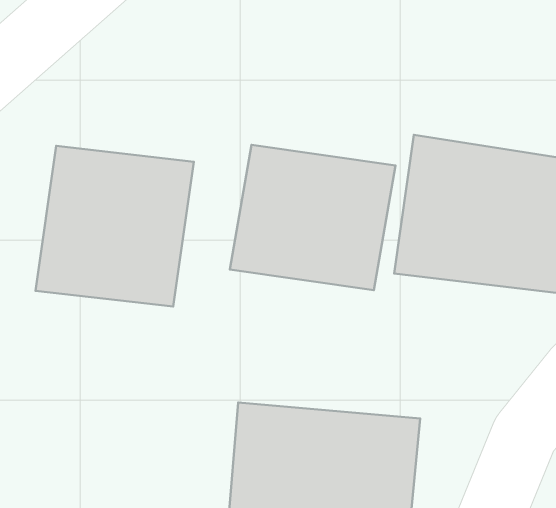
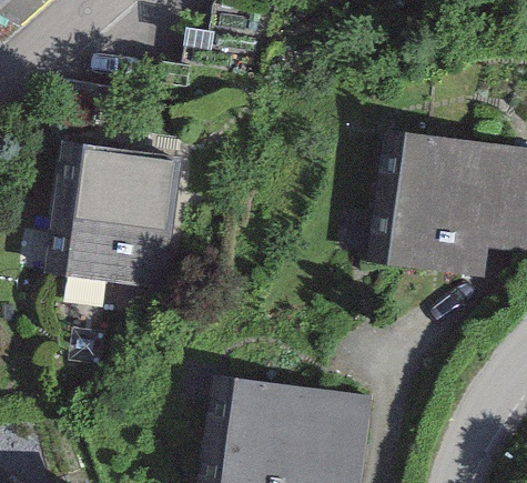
building: [230,145,396,290] -> none

